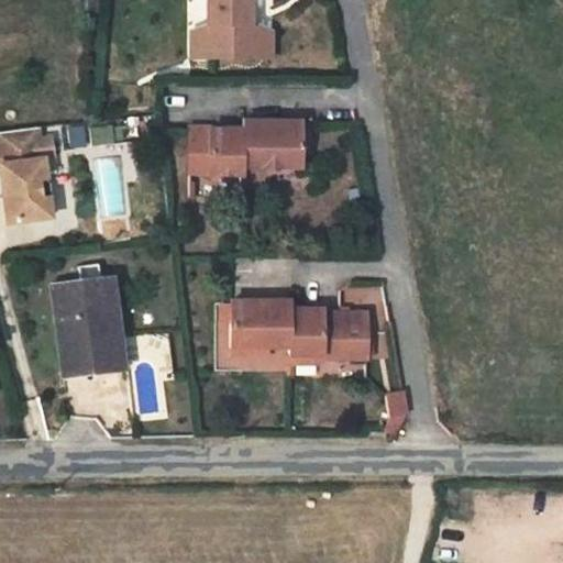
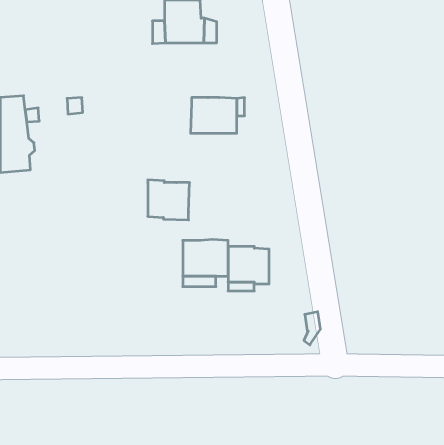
building: [190,128,243,178] -> [148,180,190,220]
building: [52,275,118,376] -> none
building: [341,314,366,358] -> none

